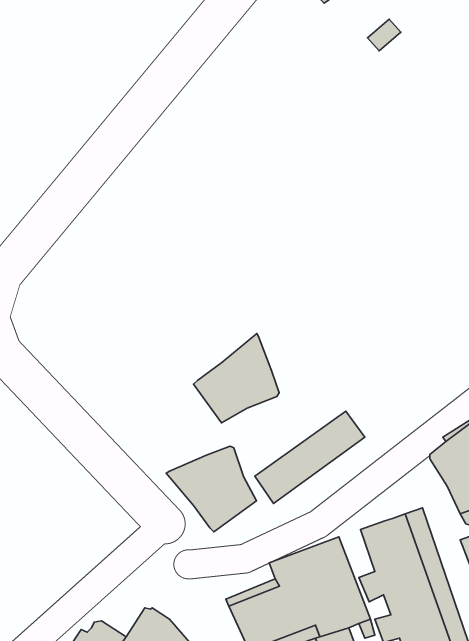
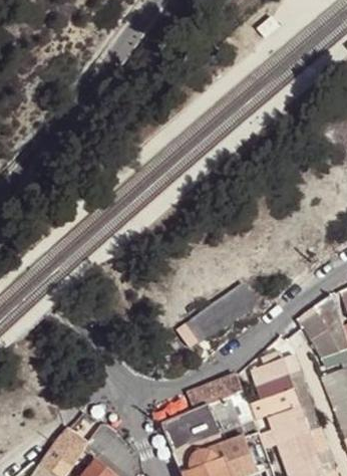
building: [193,334,279,423] -> none
building: [166,446,257,532] -> none

